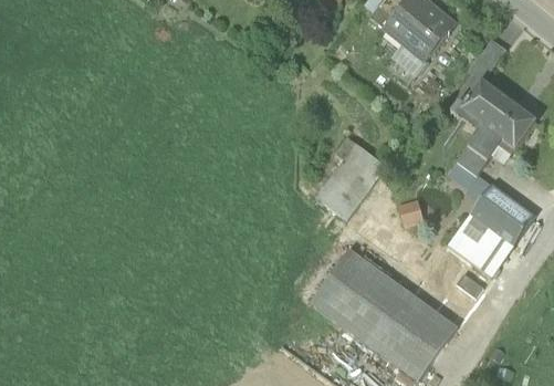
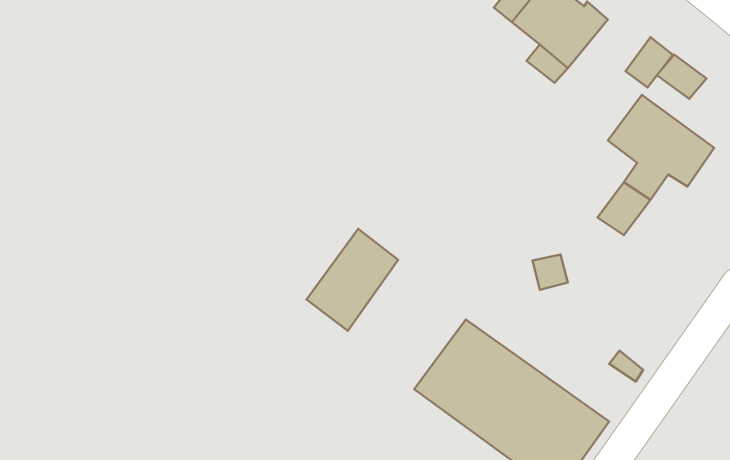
building: none -> [657,55,706,99]
building: [316,140,385,217] -> [307,229,398,331]
building: [448,185,533,274] -> none

